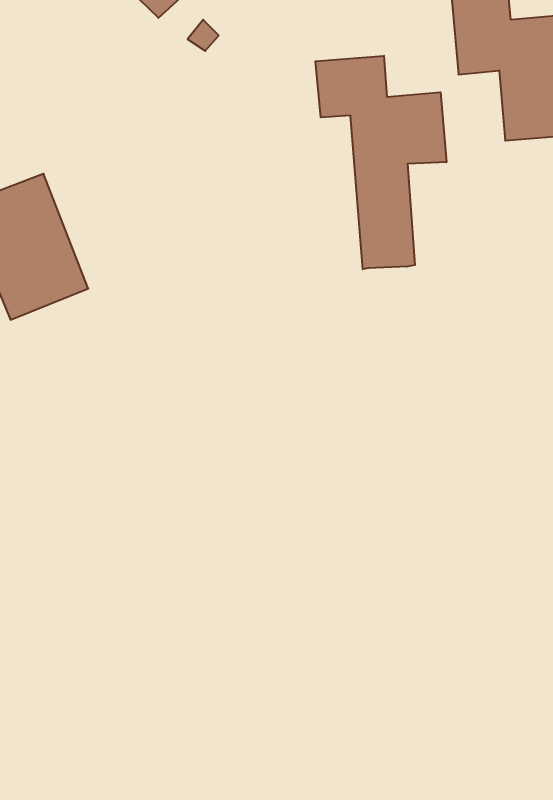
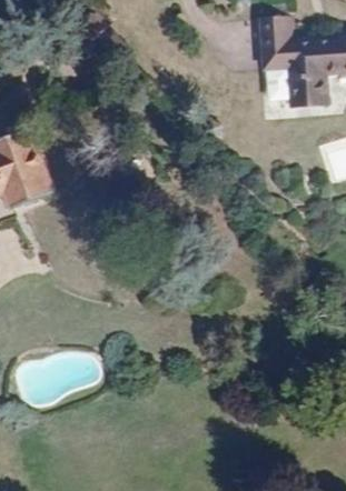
building: [315,56,446,269] -> none

